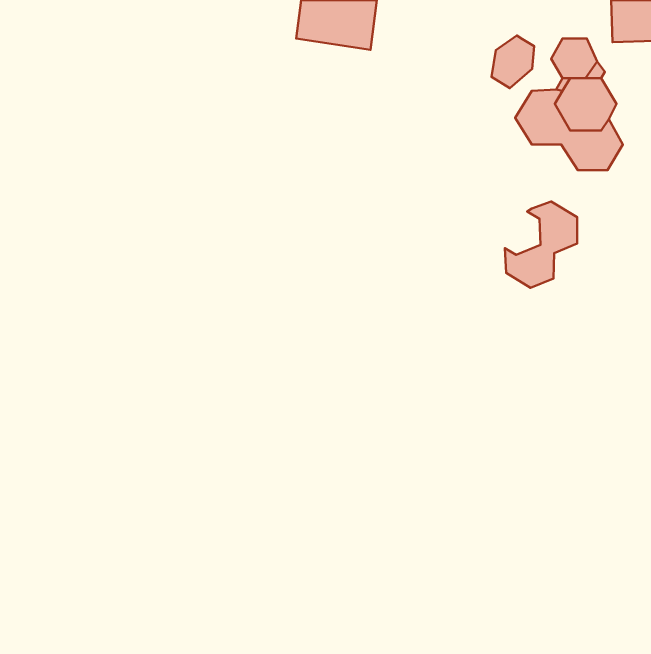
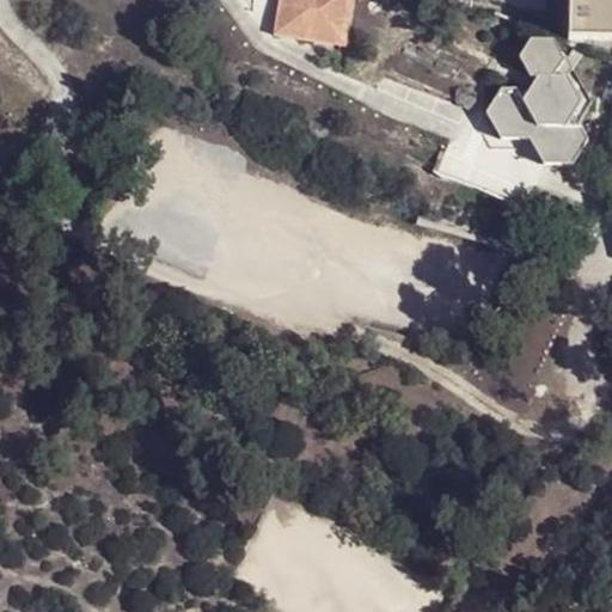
building: [491,36,534,88] -> none
building: [505,202,577,288] -> none

